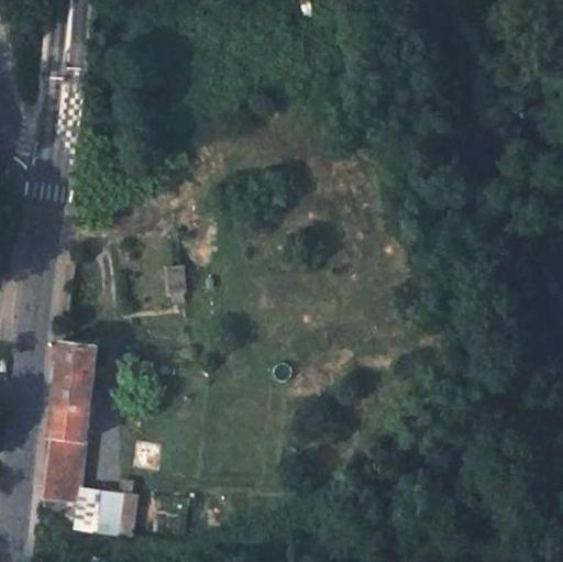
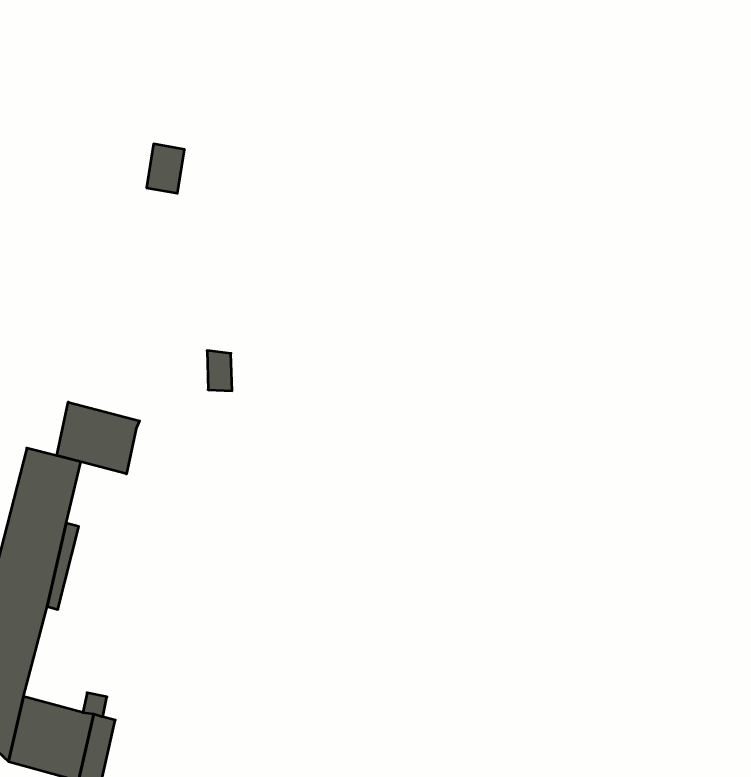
building: none -> [57,402,140,474]

